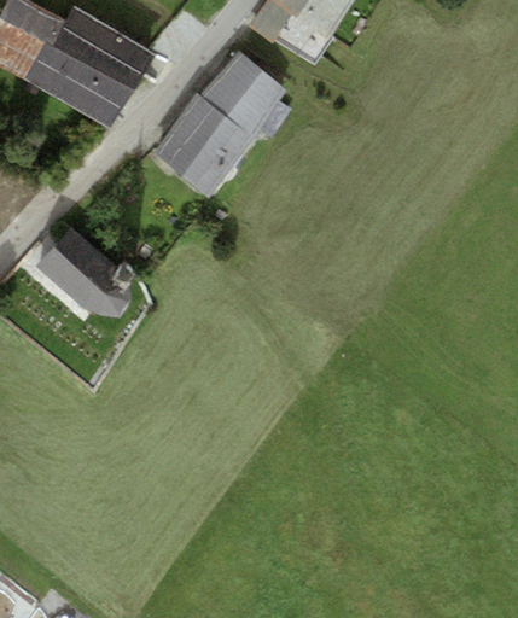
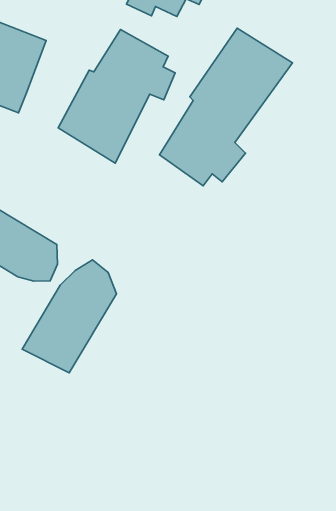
building: none -> [159,28,292,186]
building: none -> [22,260,117,373]

